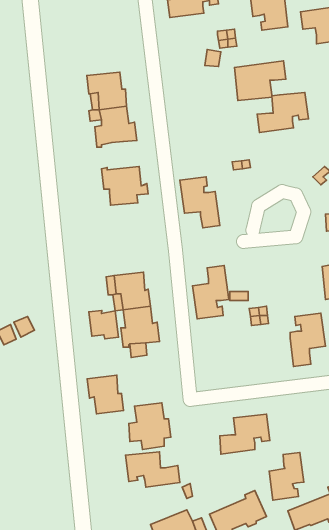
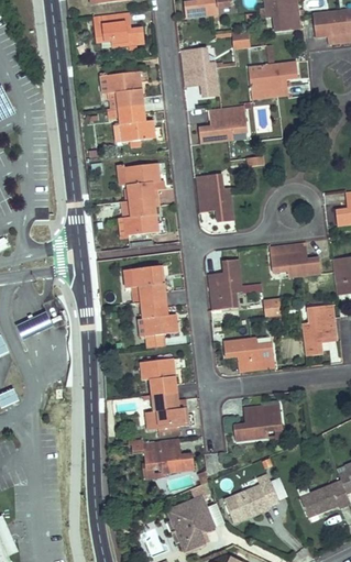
building: none -> [92,13,144,49]
building: none -> [180,48,219,98]
building: [257,93,308,132] -> [198,107,248,145]
building: none -> [119,199,156,239]
building: none -> [268,244,320,278]
building: [89,310,119,339] -> none
building: none -> [223,338,275,373]
building: [87,375,124,414] -> [142,359,177,396]
building: [269,452,304,500] -> none

